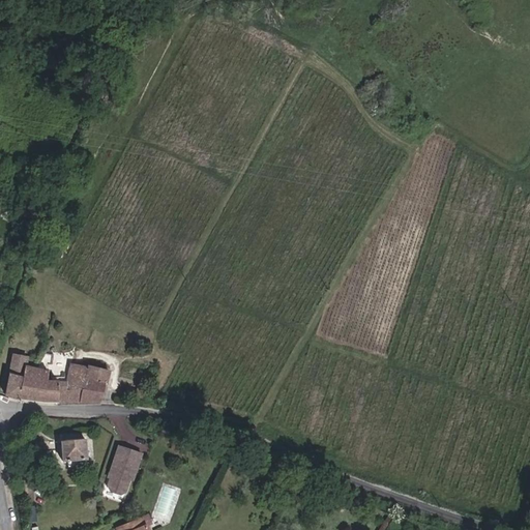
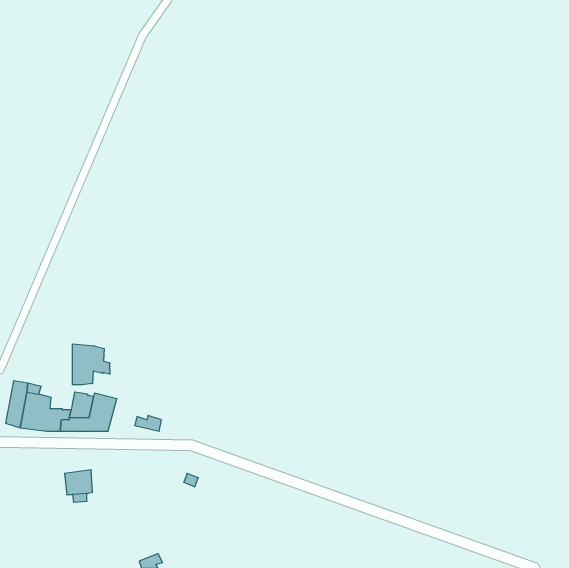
building: none -> [72,344,110,385]
building: [108,445,141,494] -> none

